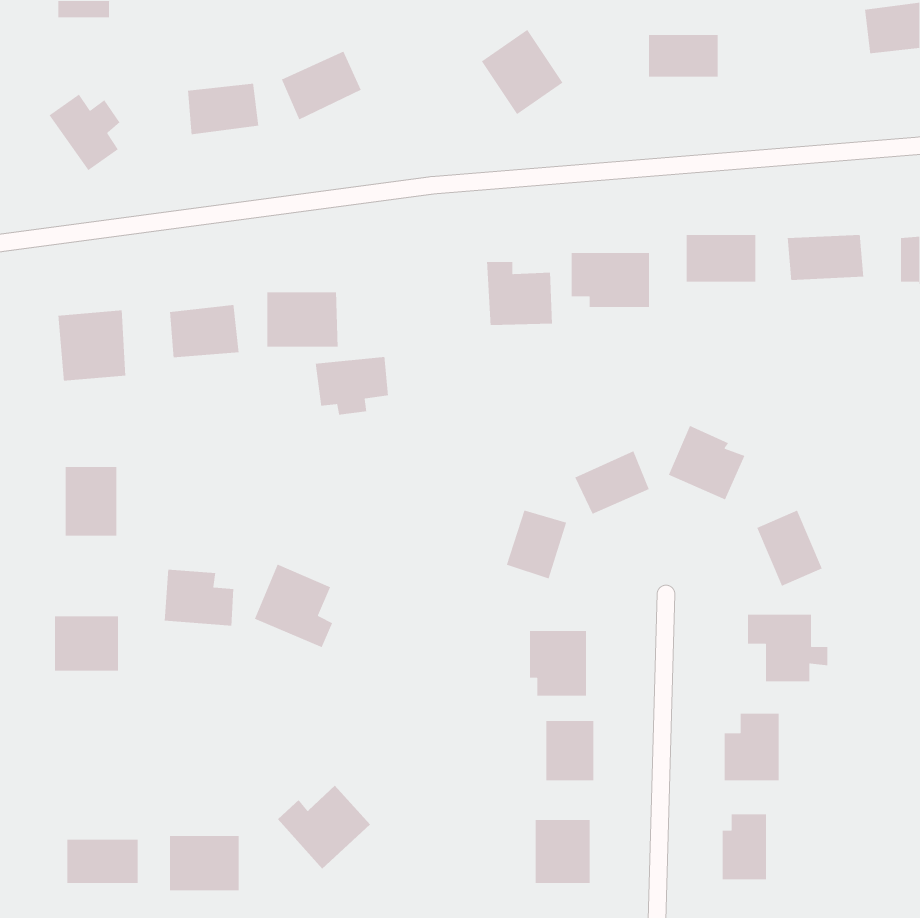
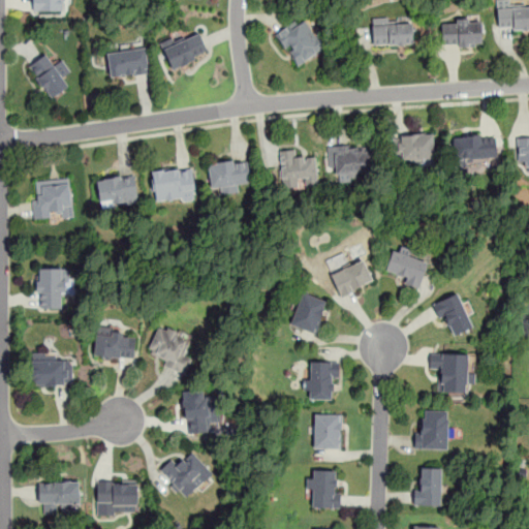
building: none -> [440,18,483,48]
building: [315,356,389,415] -> [208,160,250,194]
building: none -> [182,391,217,434]

